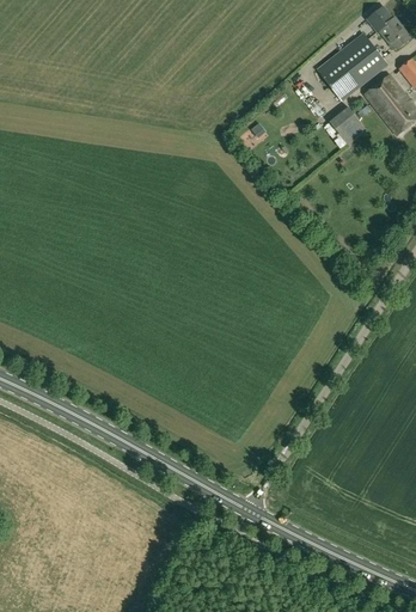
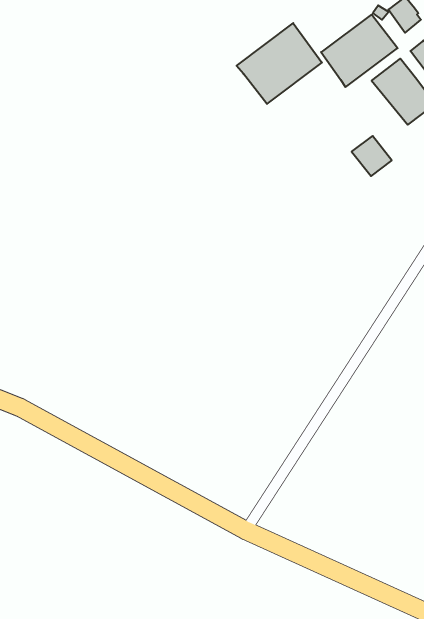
building: none -> [237,23,322,104]
building: [329,106,366,143] -> [352,136,392,176]

